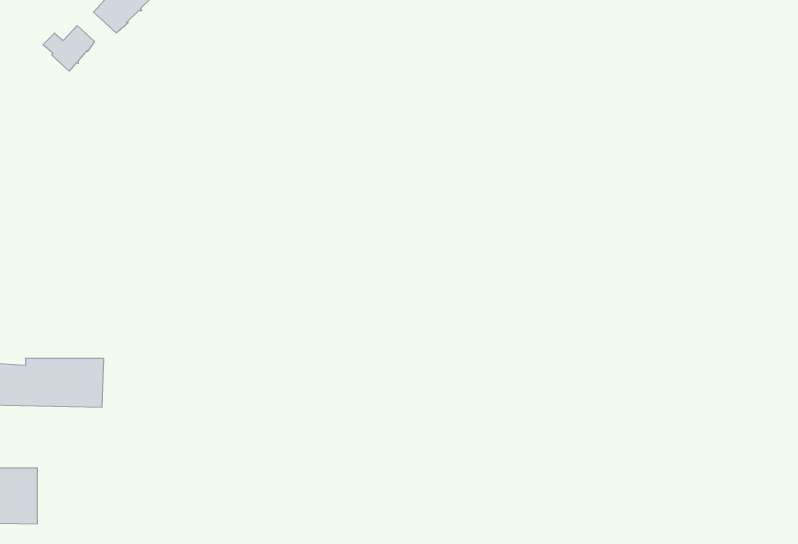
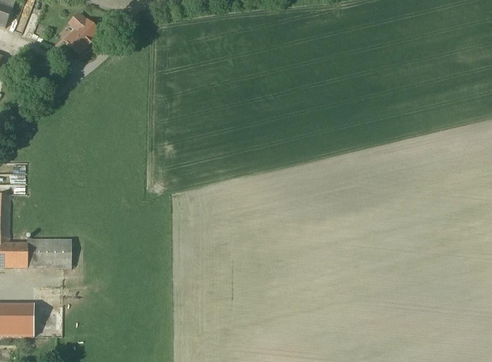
building: [43,26,95,71] -> none

